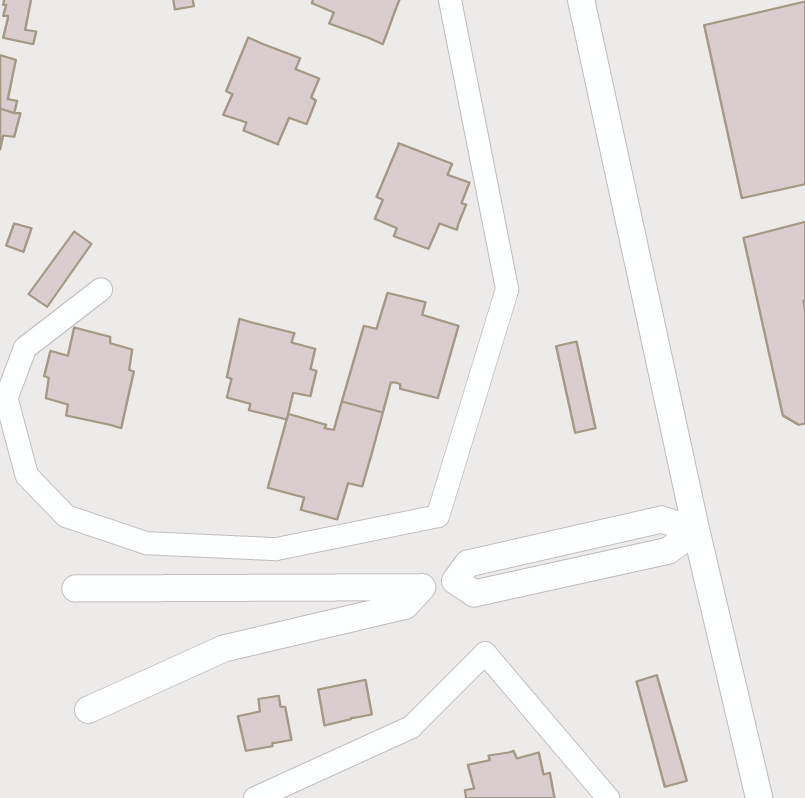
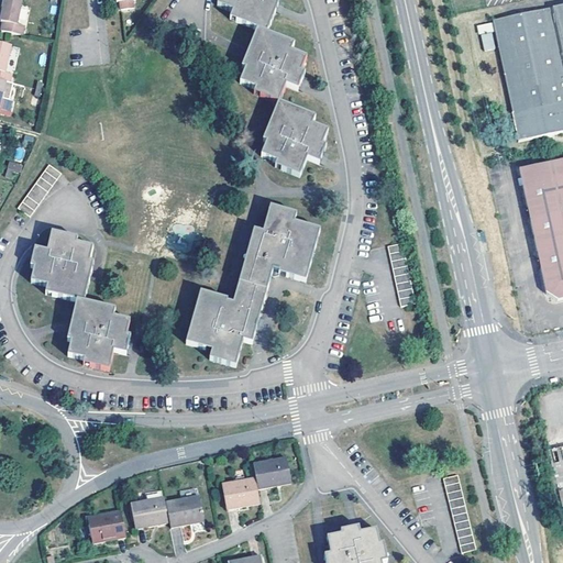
building: [223,38,319,145] -> [240,26,307,101]
building: [227,319,317,420] -> [68,297,131,367]
building: none -> [253,455,291,486]
building: none -> [131,486,168,525]
building: none -> [87,509,126,540]

